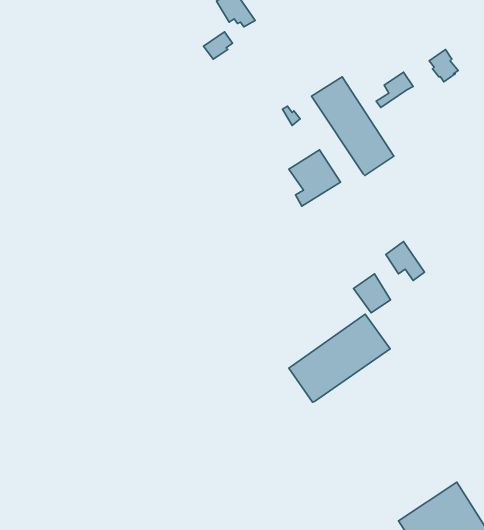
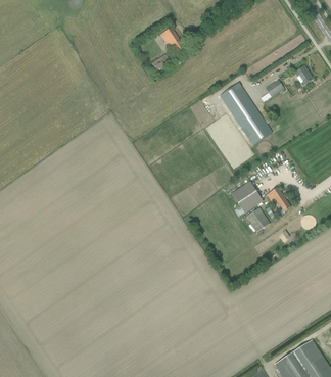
building: [289,150,341,206] -> [231,180,264,216]
building: [289,314,390,402] -> none

